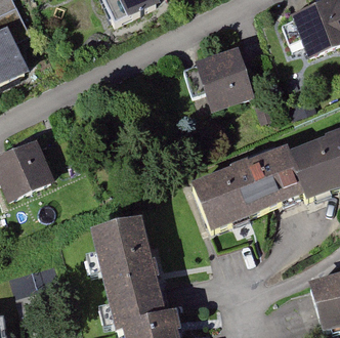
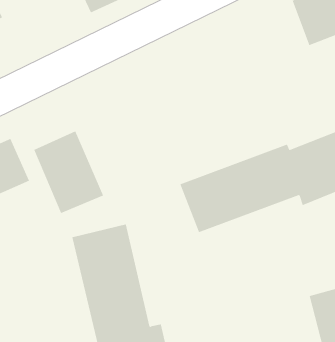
building: [196,48,252,108] -> none
building: none -> [34,131,104,214]

